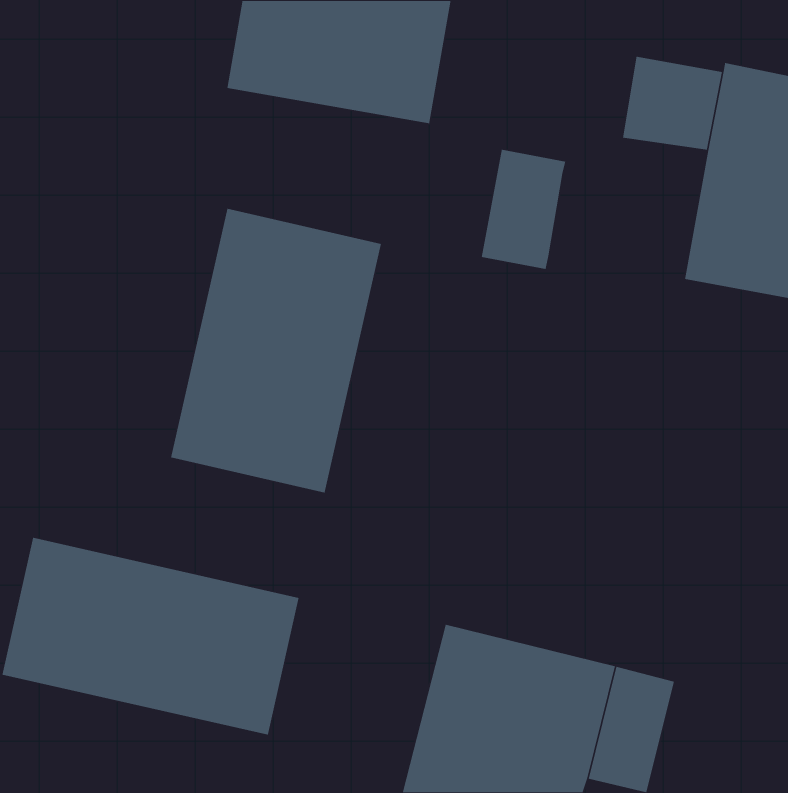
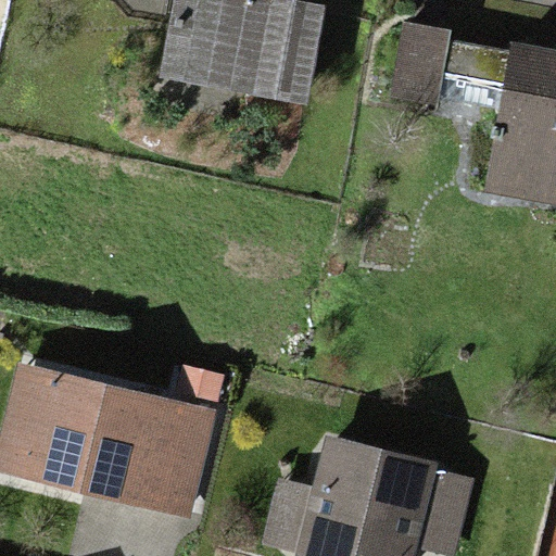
building: [481,149,566,270] -> [391,22,451,106]
building: [170,208,382,493] -> none

